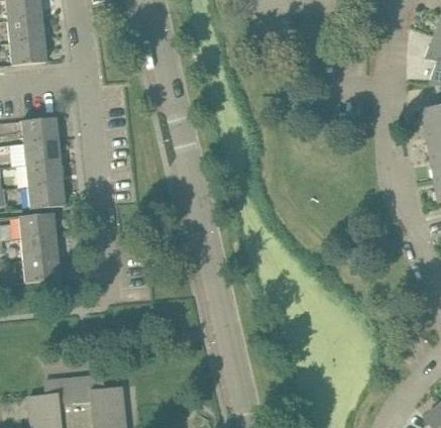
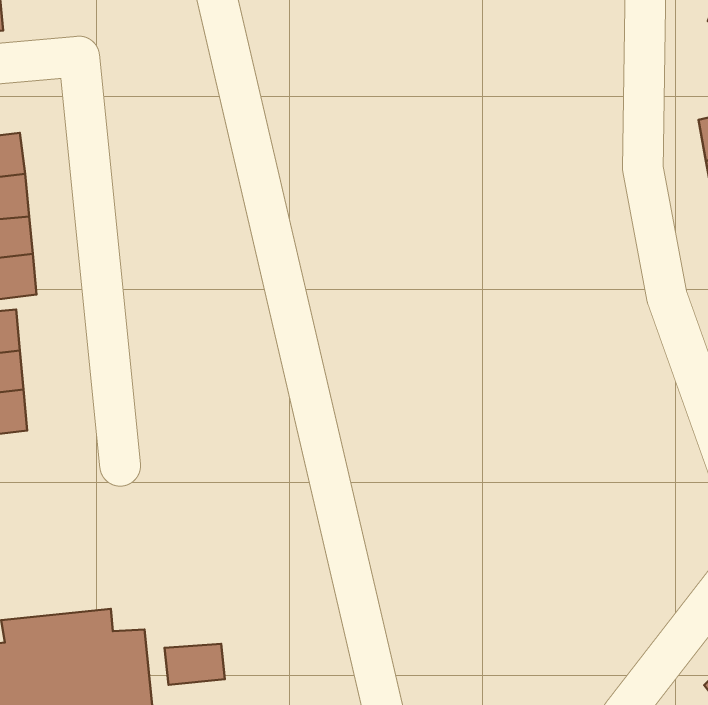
building: none -> [165,644,225,685]

